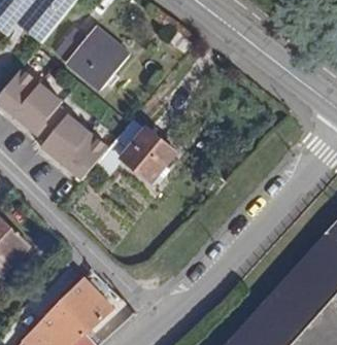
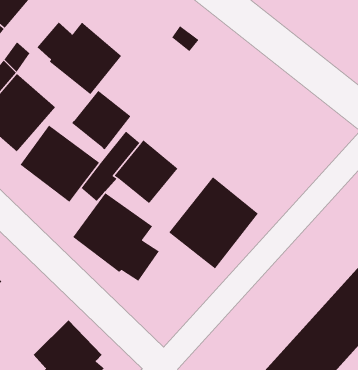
building: none -> [71,90,132,151]
building: none -> [168,176,259,269]
building: none -> [72,192,160,282]

